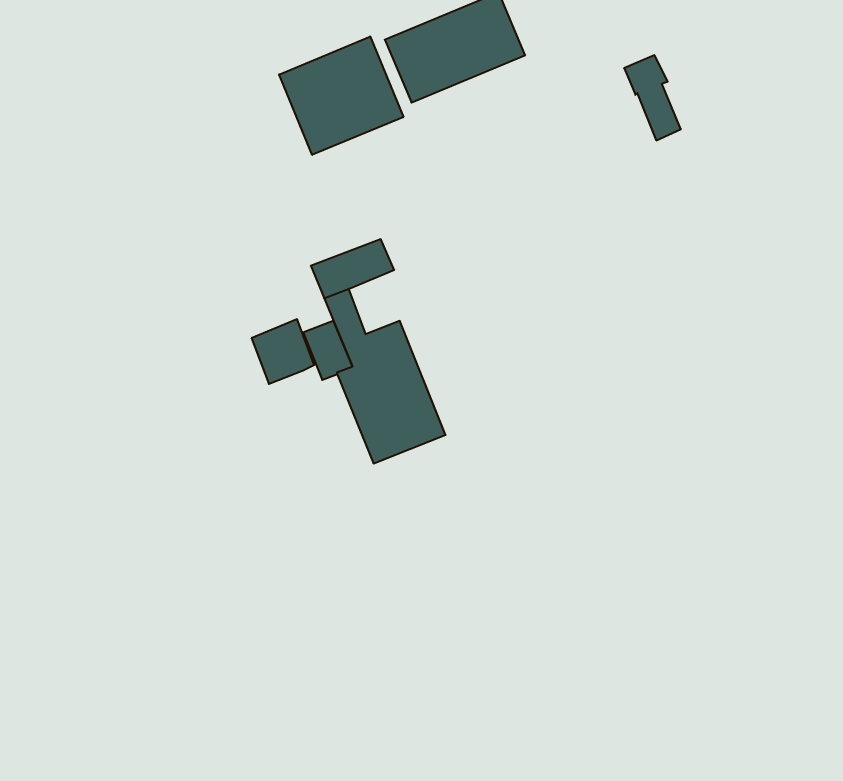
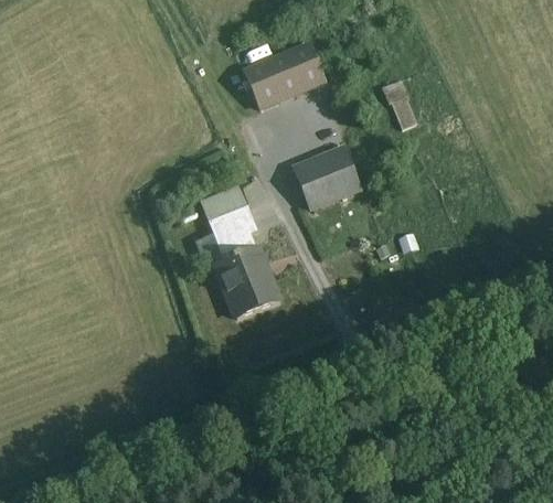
building: [279,36,403,155] -> none
building: none -> [294,146,360,207]
building: [252,319,314,384] -> [223,204,259,242]

